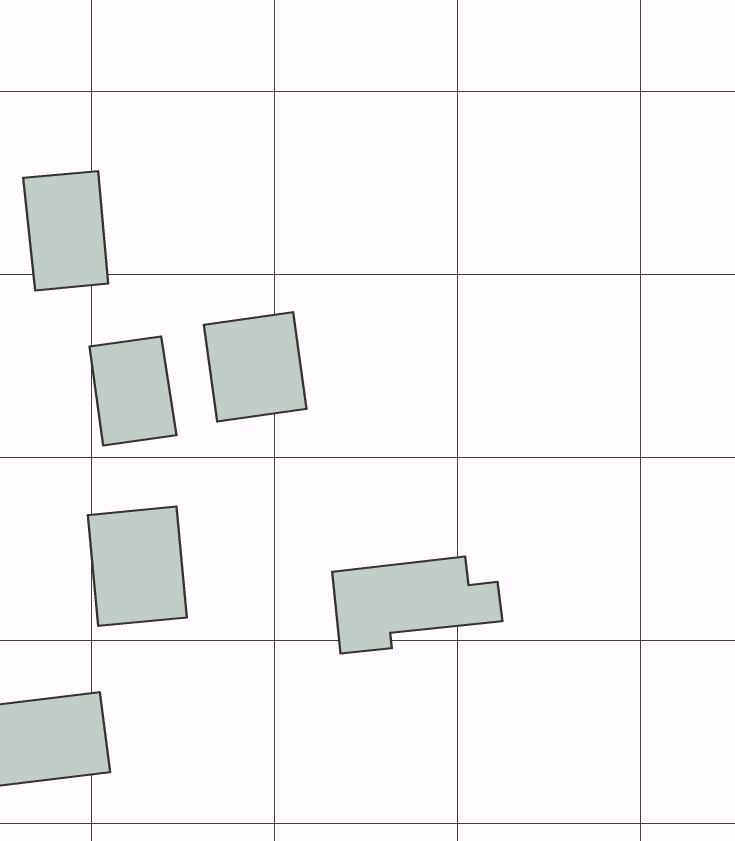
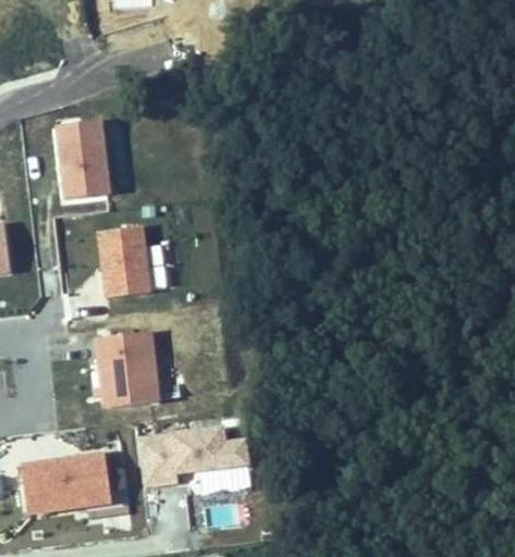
building: [204,312,306,421] -> none
building: [332,556,503,653] -> [138,426,247,488]

